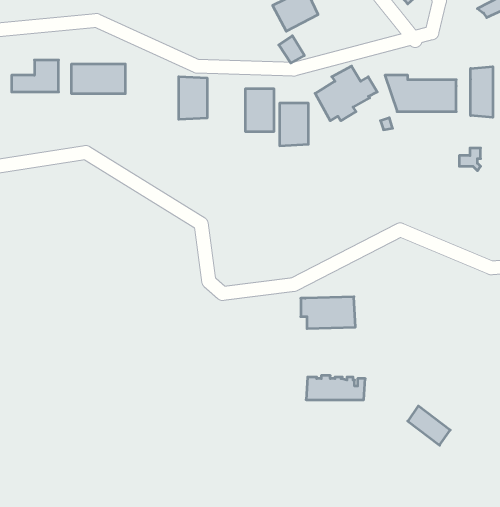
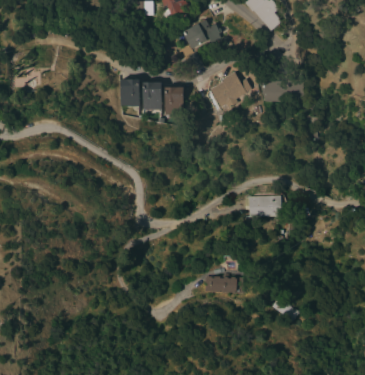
building: [72,64,125,94] -> none
building: [471,67,493,117] -> none
building: [280,103,308,146] -> [142,81,161,109]
building: [301,297,355,329] -> [245,195,281,216]

